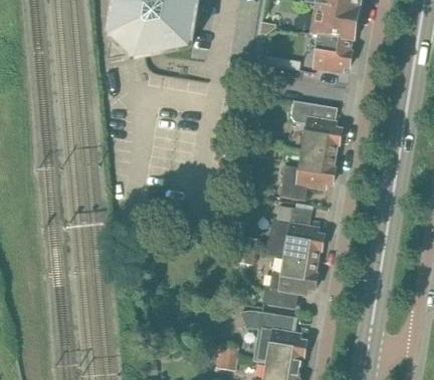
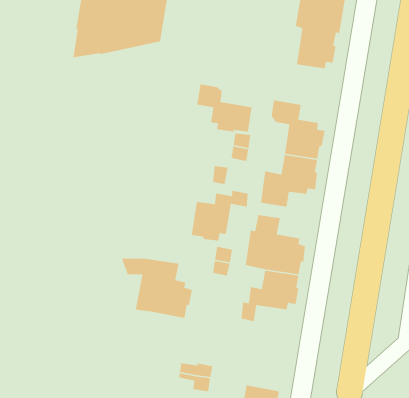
building: none -> [194,83,253,133]
building: none -> [191,190,249,241]
building: [240,313,306,369] -> [121,258,193,319]

